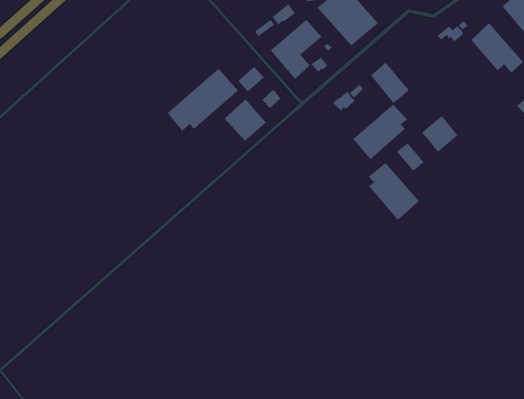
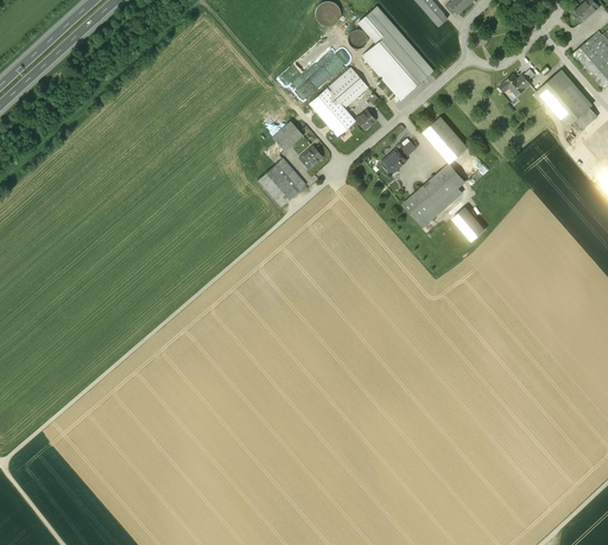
building: [167,68,239,132] -> none
building: [421,115,458,152] -> none
building: [368,162,420,220] -> none

